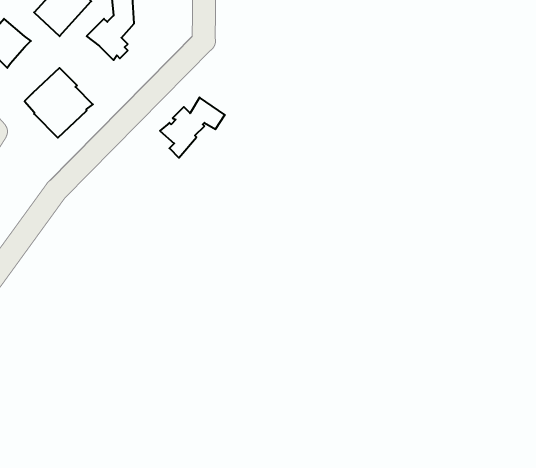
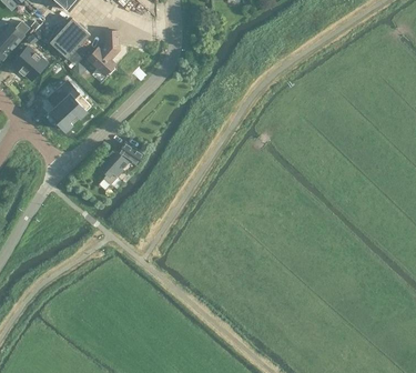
building: [160,97,225,158] -> [98,142,143,184]

